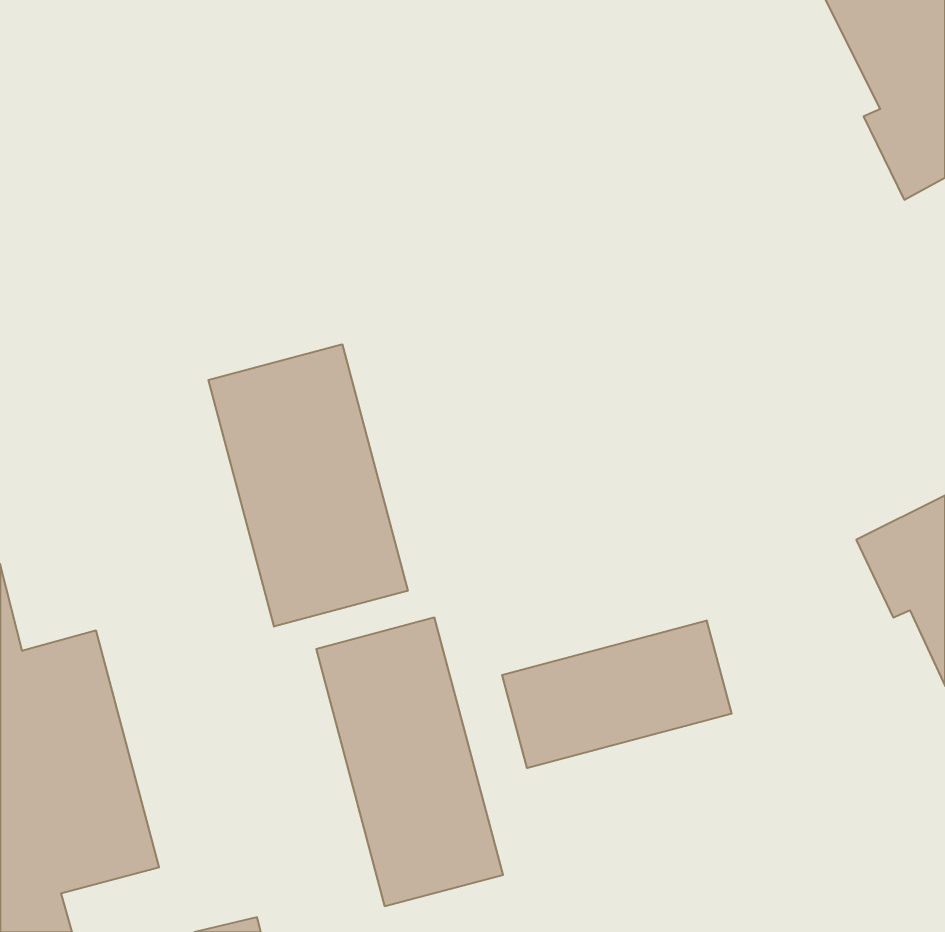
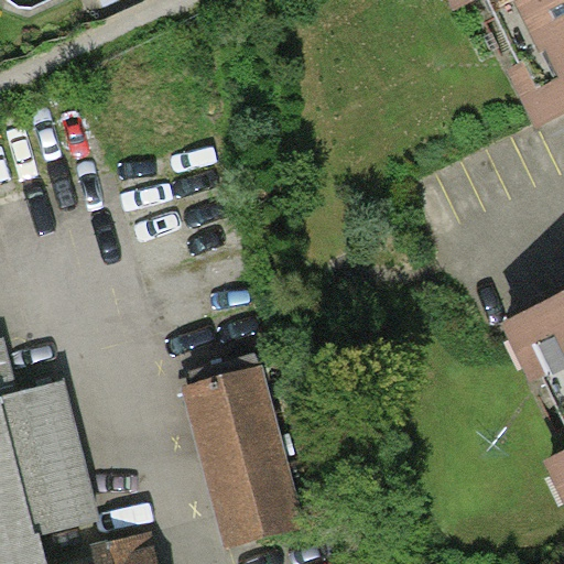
building: [208,344,408,627] -> none
building: [502,620,732,768] -> none

